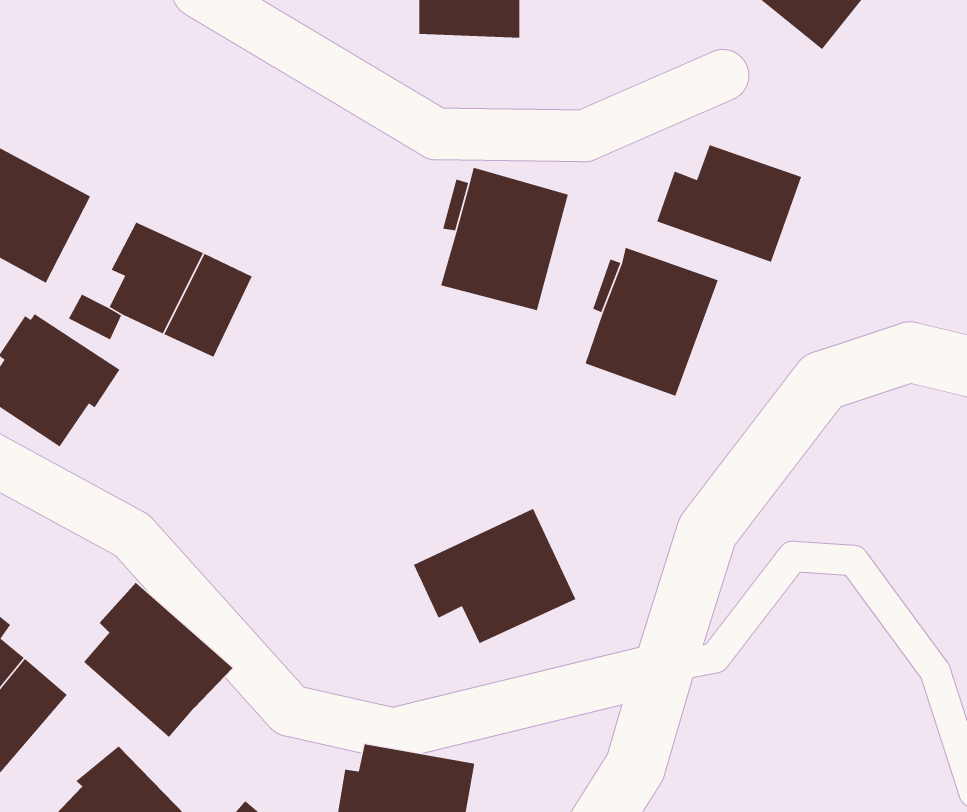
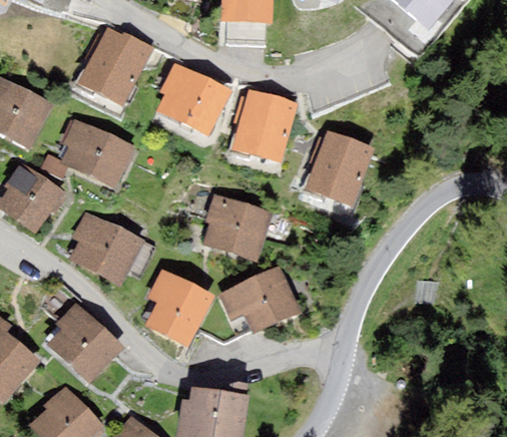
building: none -> [77,26,153,105]
building: none -> [155,61,231,134]
building: [656,144,802,263] -> none
building: none -> [203,193,274,260]
building: none -> [68,210,144,287]
building: none -> [145,268,214,346]

